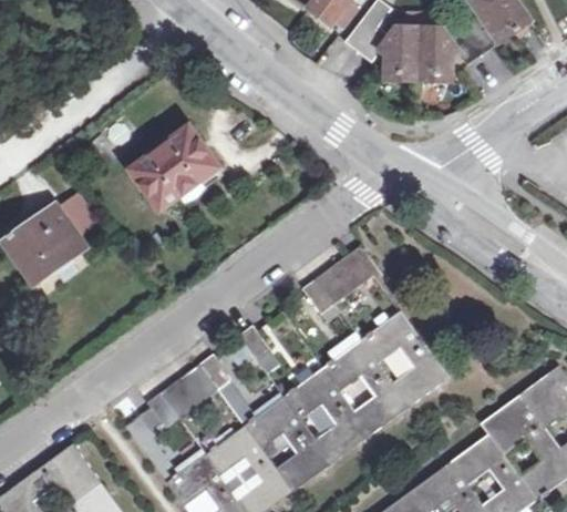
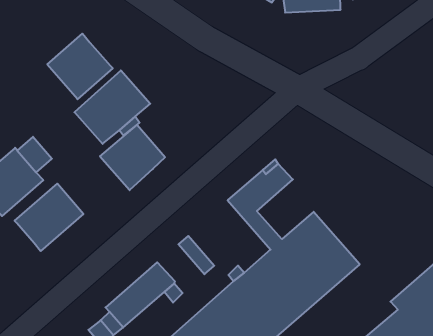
building: none -> [47,34,113,99]
building: none -> [100,125,165,190]
building: none -> [15,184,83,251]

